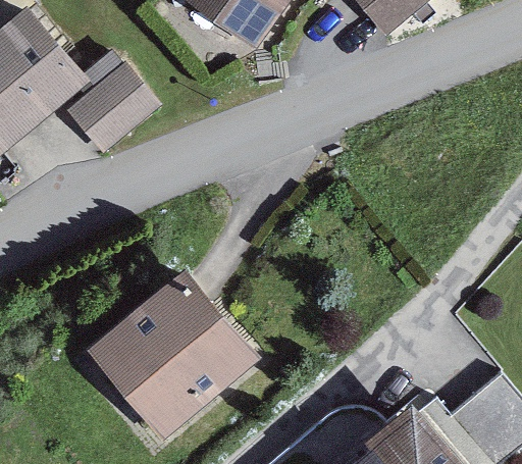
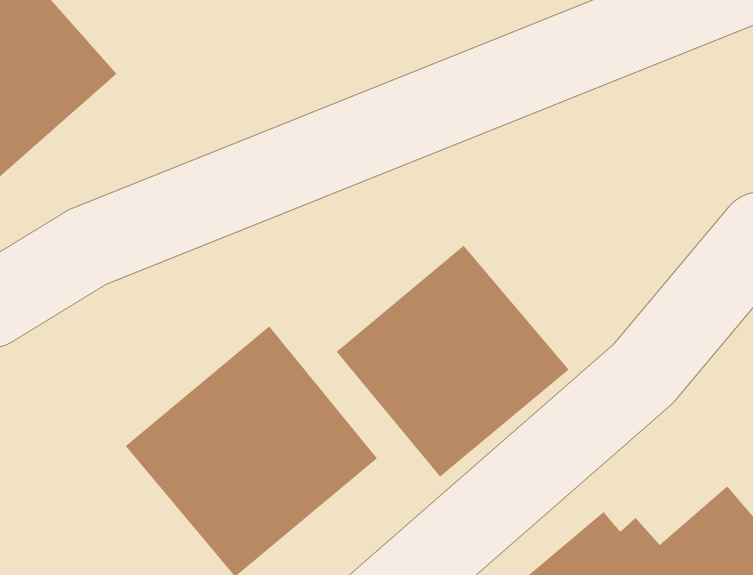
building: [66,68,160,160] -> none
building: none -> [336,245,569,478]

